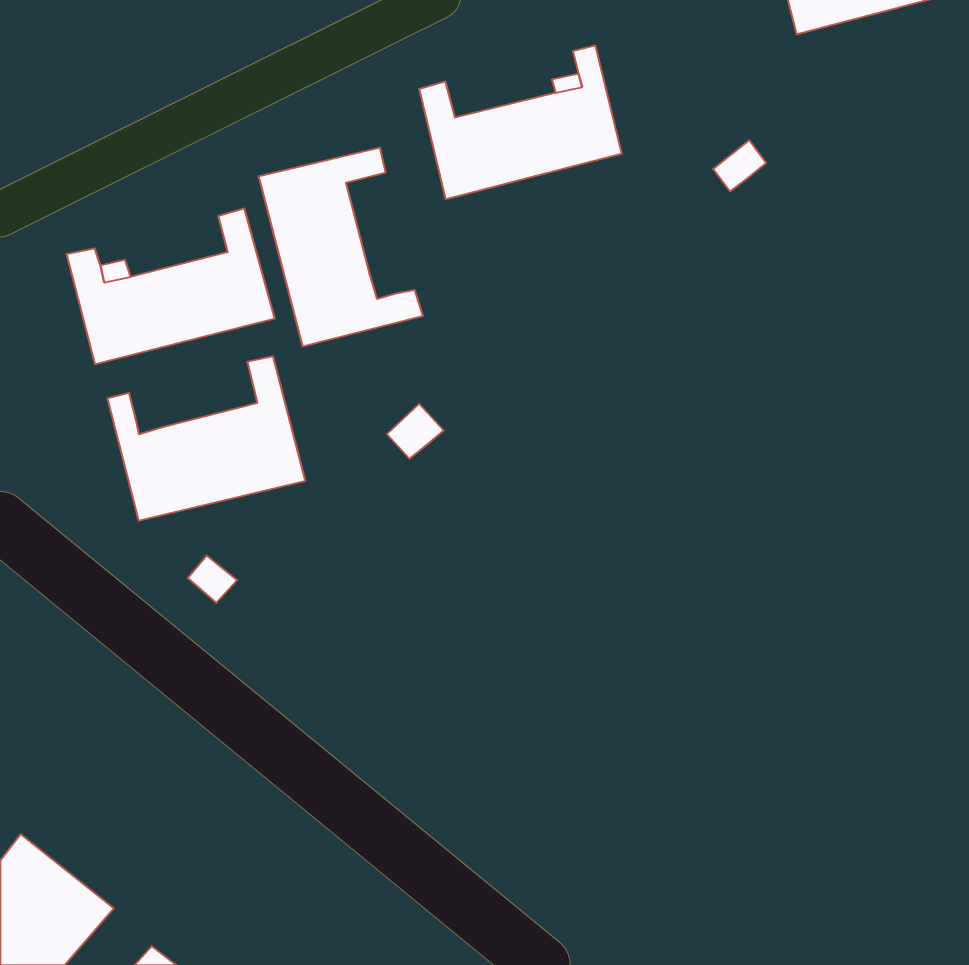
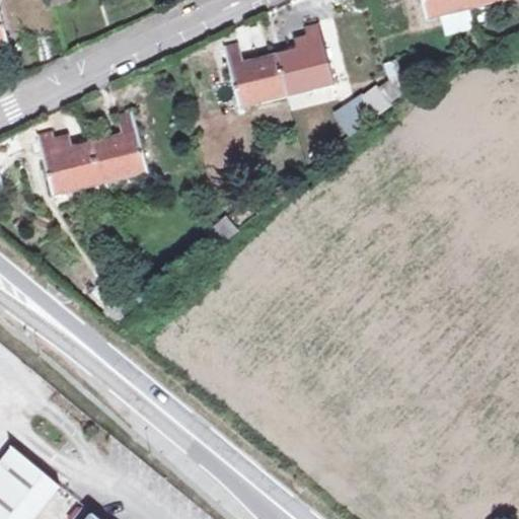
building: [259,147,423,346] -> none
building: [108,356,305,521] -> none

